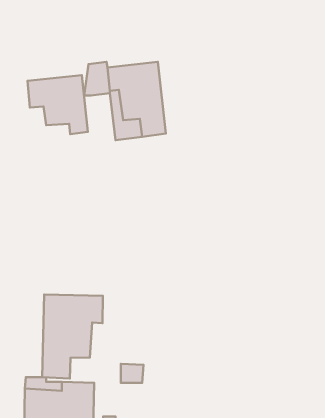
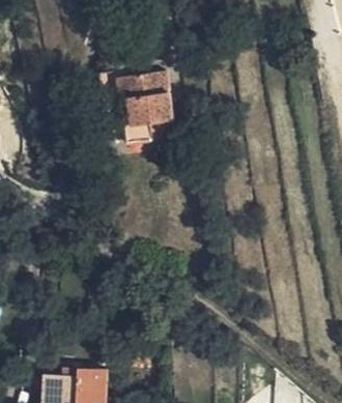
building: [28,75,88,134] -> none
building: [42,294,103,379] -> none

